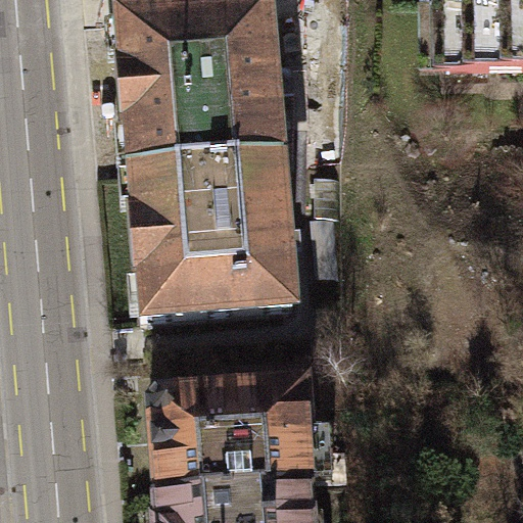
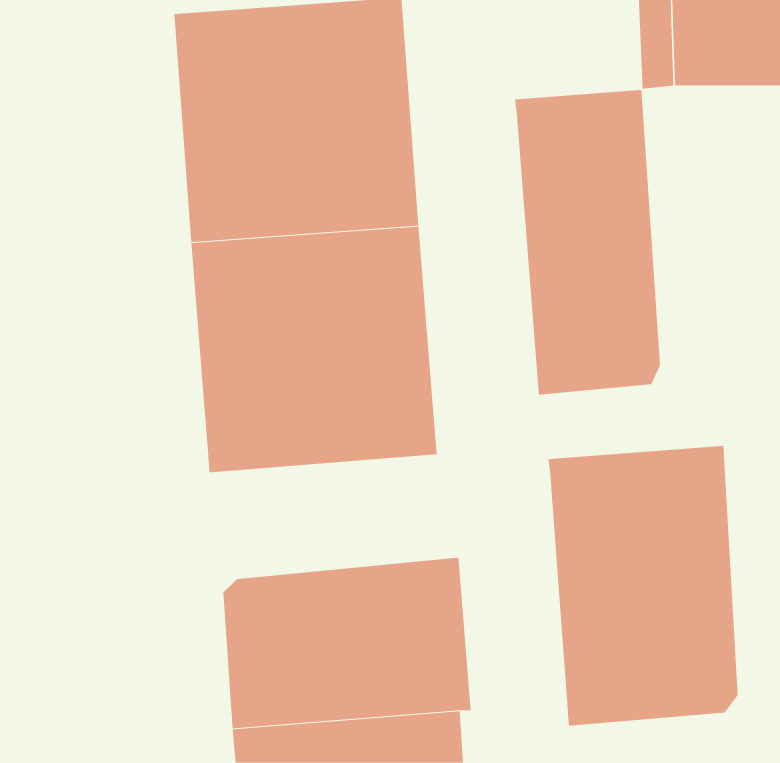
building: none -> [515,89,660,395]
building: none -> [548,445,738,727]

